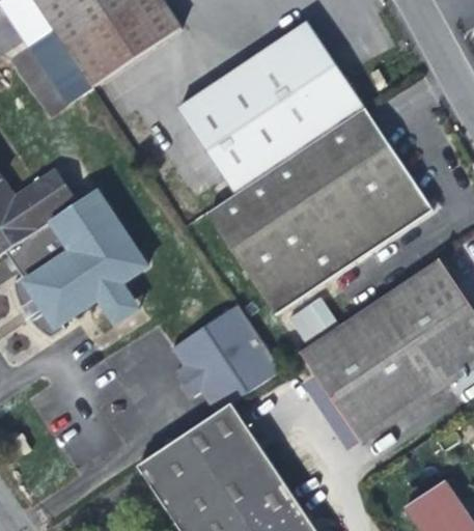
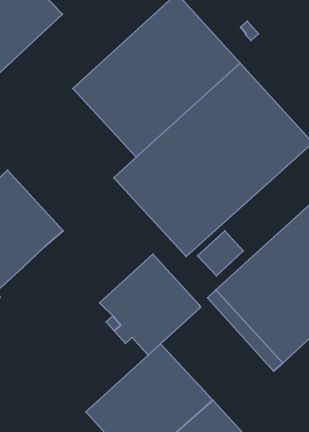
building: [93,278,138,324] -> none

